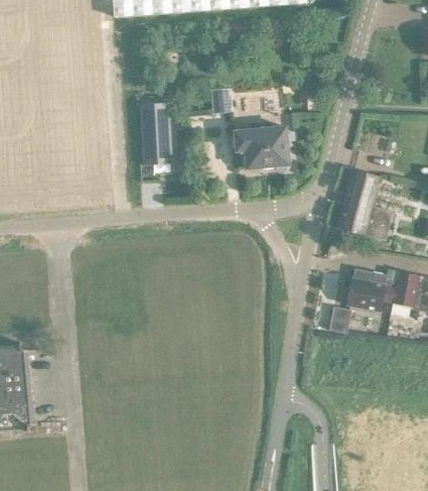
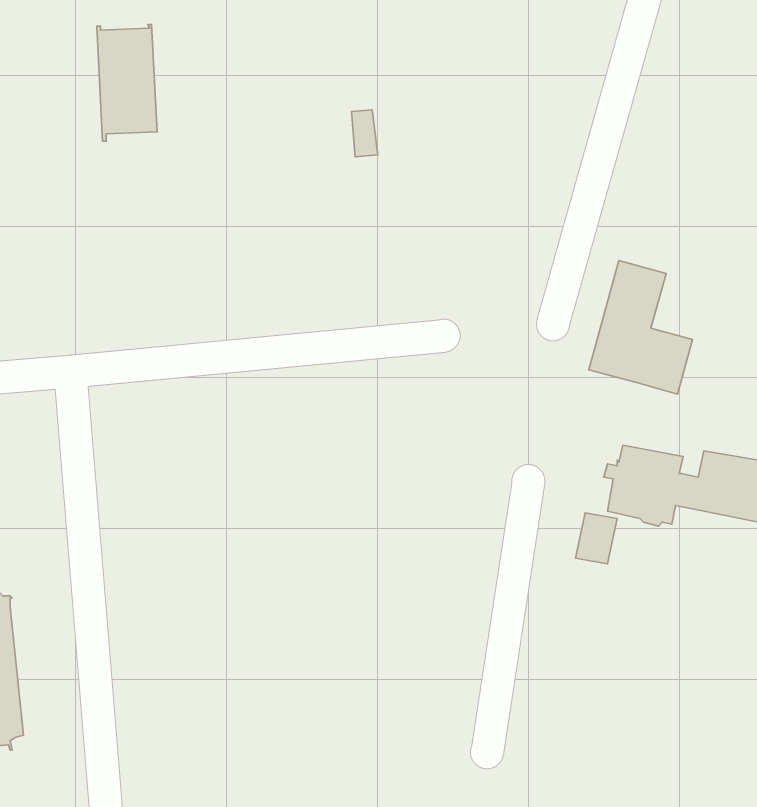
building: [138,103,170,165] -> [97,24,157,141]
building: [234,126,289,168] -> none

